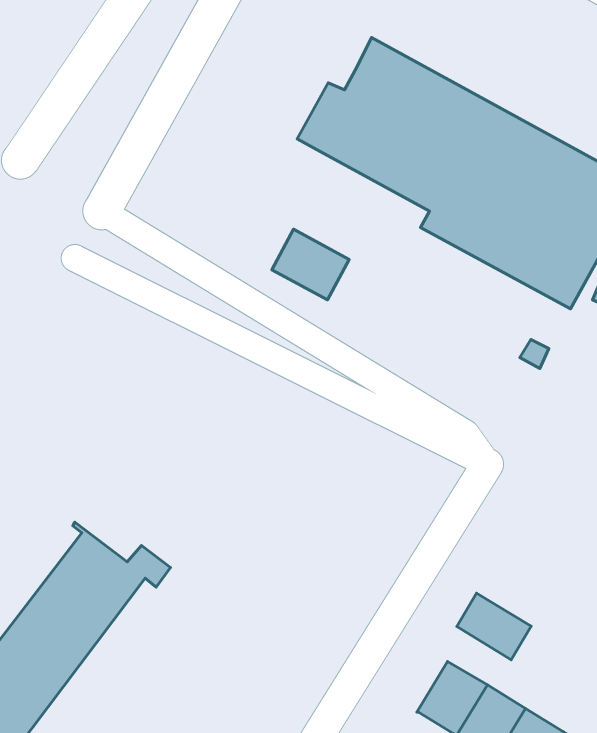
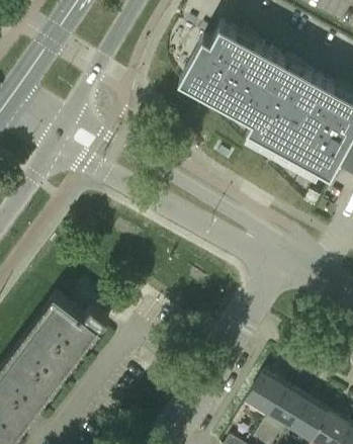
building: [272,229,349,300] -> none
building: [457,593,531,660] -> none

